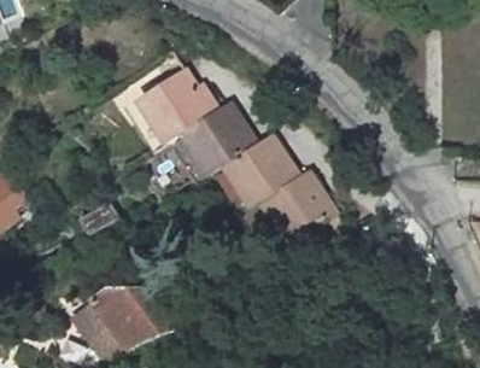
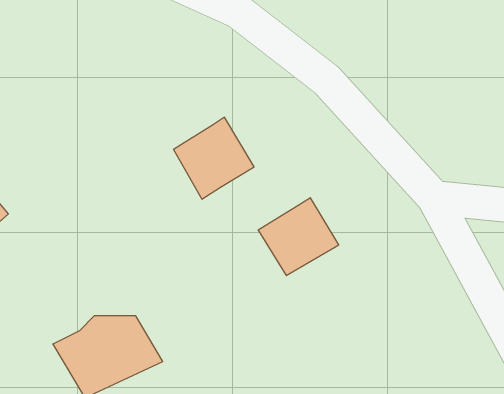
building: [141,72,215,144] -> none
building: [222,144,293,214] -> none

